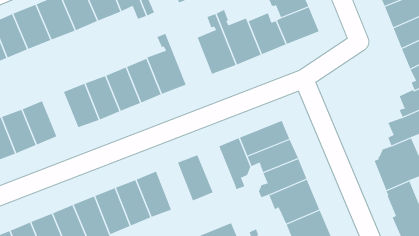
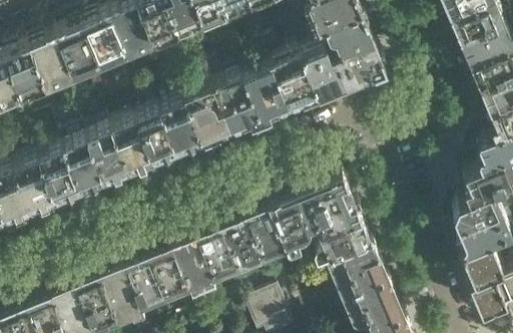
building: none -> [206,66,260,130]
building: none -> [63,138,104,191]
building: none -> [243,202,286,256]
building: none -> [195,221,237,276]

